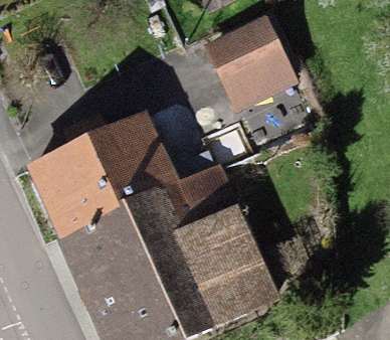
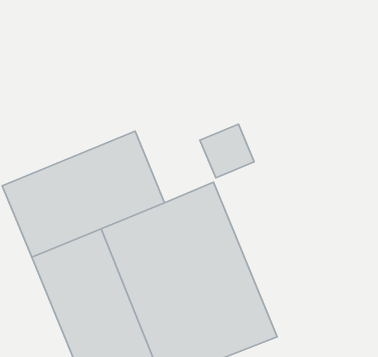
building: [205,16,297,105] -> none

